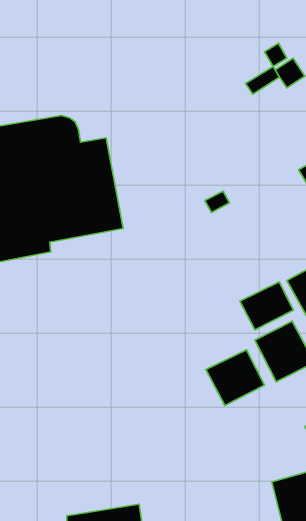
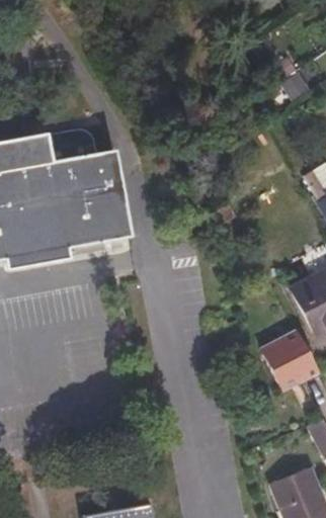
building: [240,282,293,330] -> none
building: [206,350,264,406] -> none

